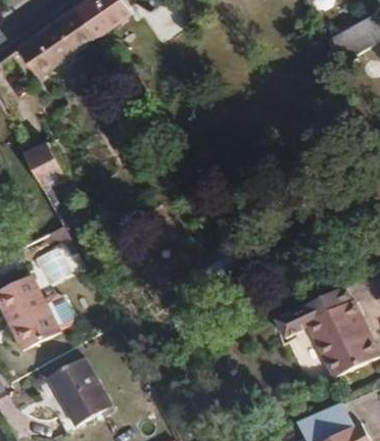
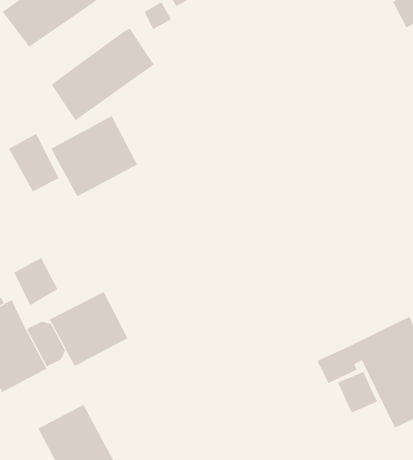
building: none -> [51,28,155,121]
building: none -> [51,115,138,197]
building: none -> [49,291,128,367]

